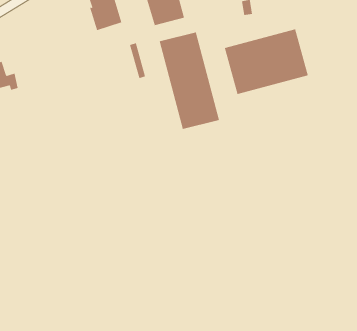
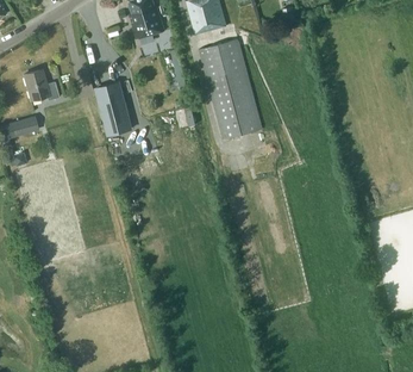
building: [224,28,309,95] -> none
building: none -> [96,82,131,135]

